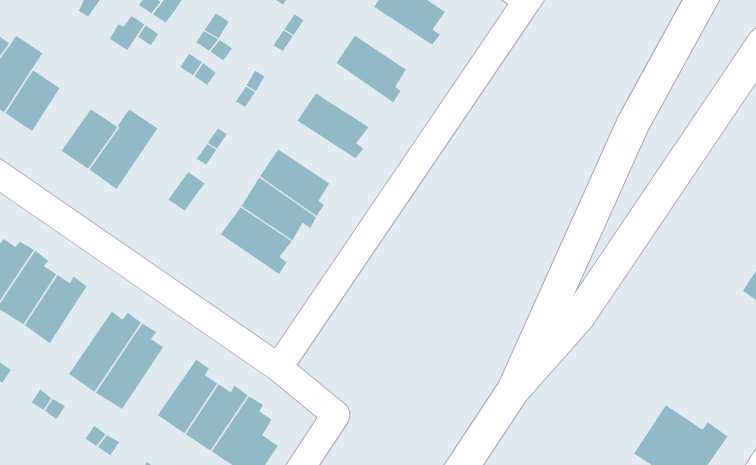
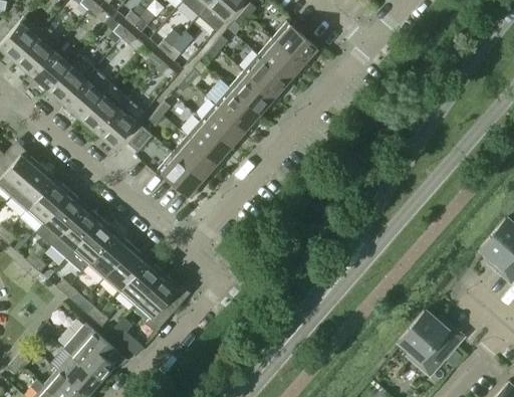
building: none -> [258,38,306,80]
building: none -> [229,70,277,114]
building: none -> [48,54,94,104]
building: none -> [201,104,249,146]
building: none -> [96,97,145,147]
building: none -> [36,191,83,244]
building: none -> [88,235,133,277]

